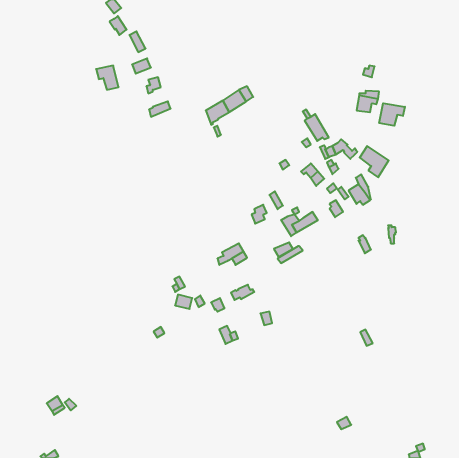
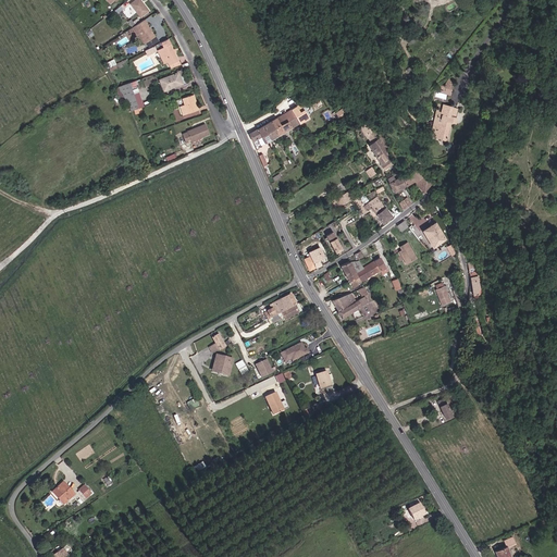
building: [379,103,405,126] -> none
building: [360,146,389,177] -> none

